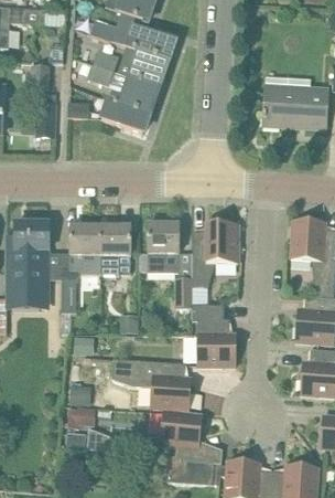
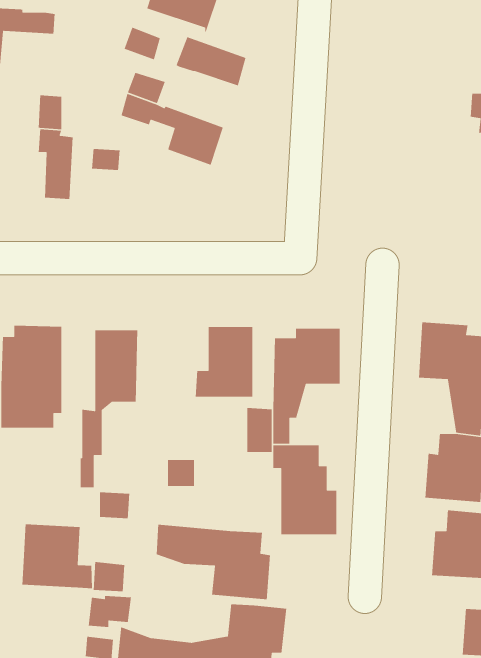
building: [119,46,169,87] -> none
building: [263,75,327,128] -> none
building: [101,98,150,133] -> none
building: [99,225,130,275] -> none
building: none -> [21,524,93,589]

